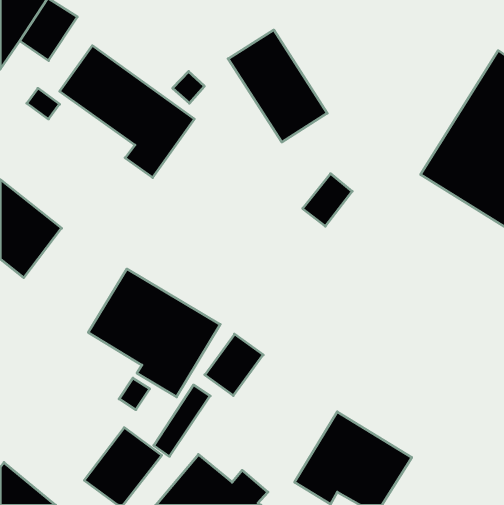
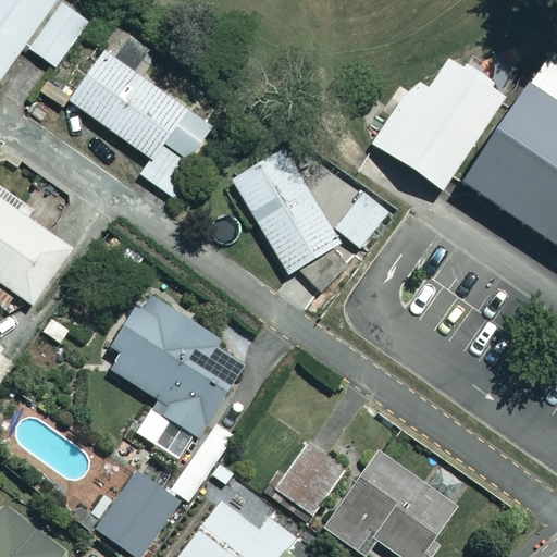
building: [228,30,327,142] -> [231,149,339,272]
building: none -> [383,60,510,198]
building: [205,334,263,396] -> [278,444,343,511]

